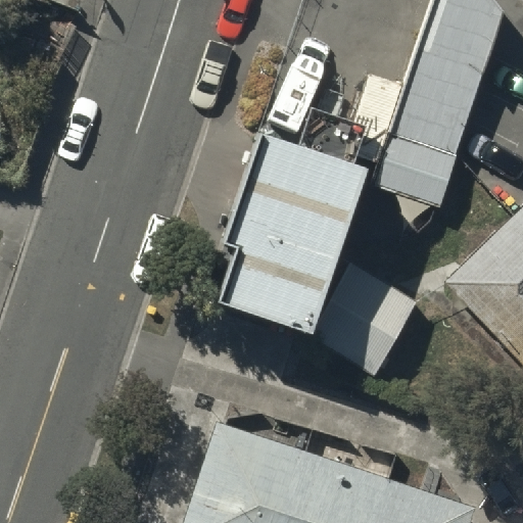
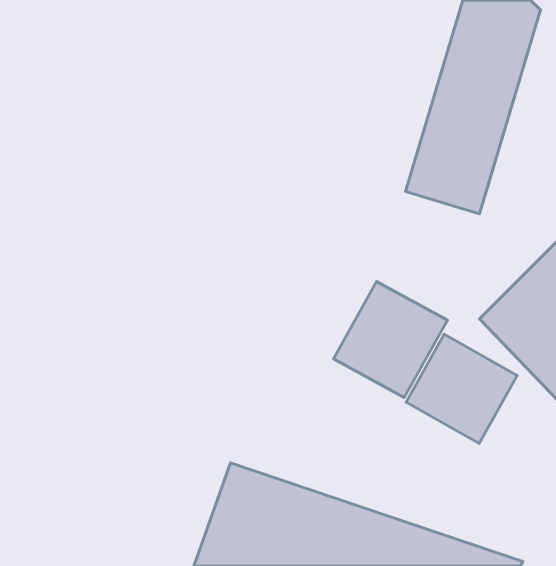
building: [218,114,366,313] -> none
building: none -> [406,334,517,444]

